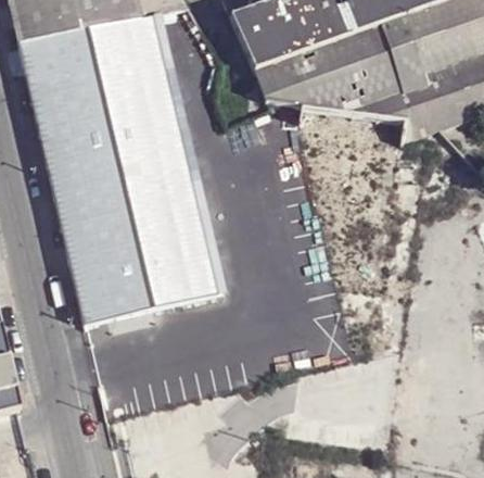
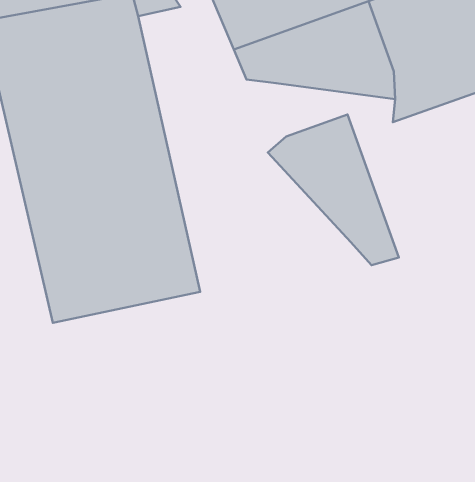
building: none -> [268,115,399,265]

